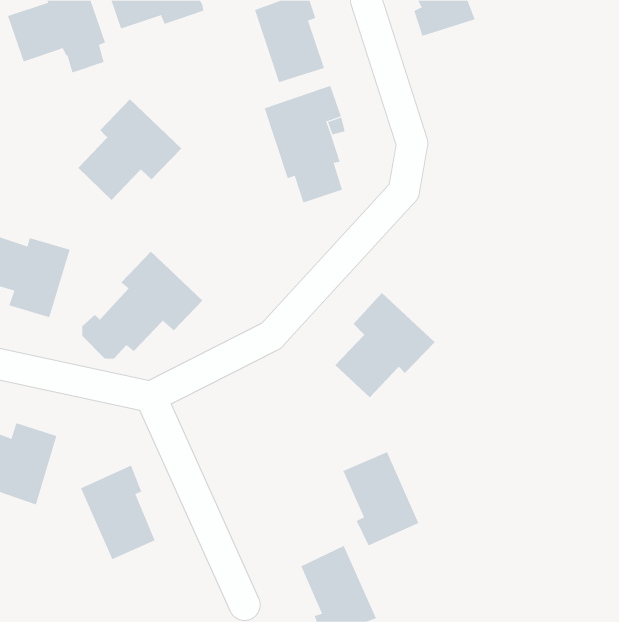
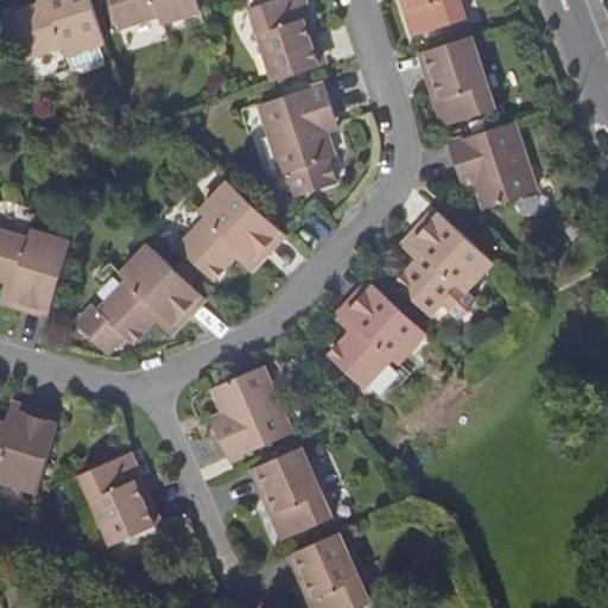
building: none -> [424,37,494,127]
building: [77,98,182,201] -> [177,180,279,280]
building: none -> [446,122,534,209]
building: none -> [393,213,492,317]
building: none -> [210,367,290,461]
building: [343,451,419,546] -> [255,448,330,540]

